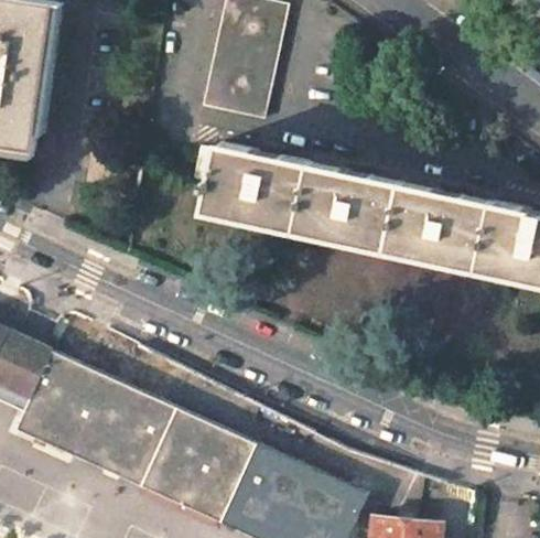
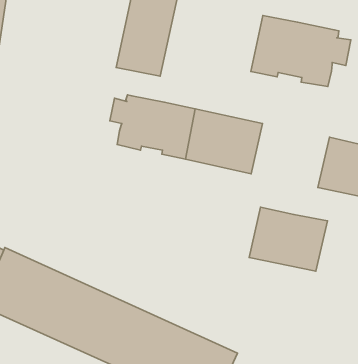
building: none -> [251,15,351,86]
building: [387,183,493,270] -> [249,207,327,271]

